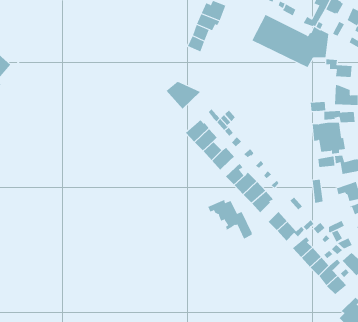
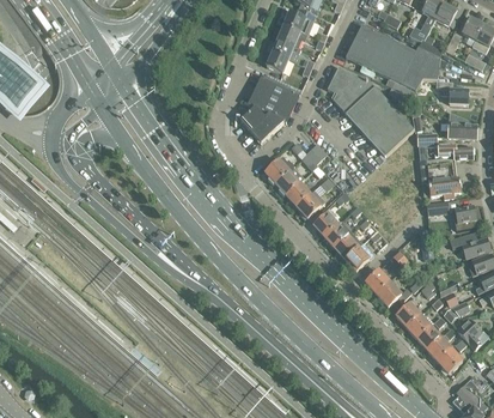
building: none -> [325,66,413,156]
building: none -> [248,75,299,122]
building: [207,199,252,239] -> none

